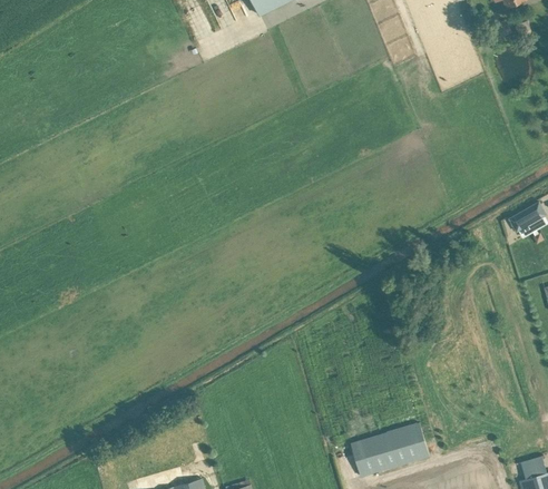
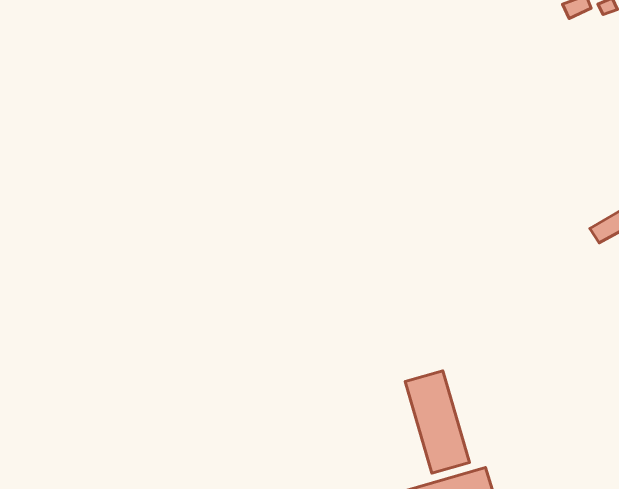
building: none -> [405,371,470,473]

